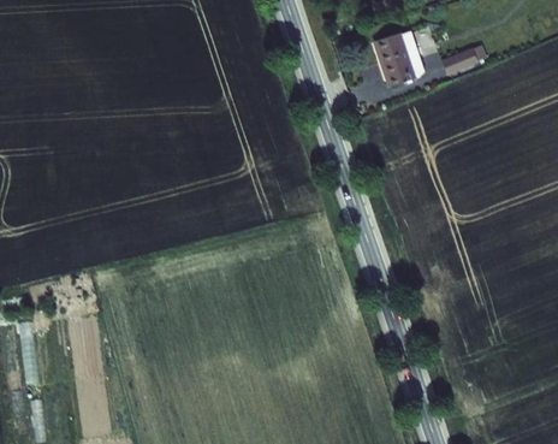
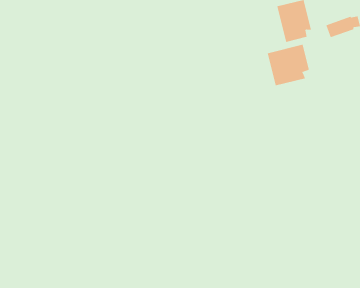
building: none -> [267,44,310,86]

